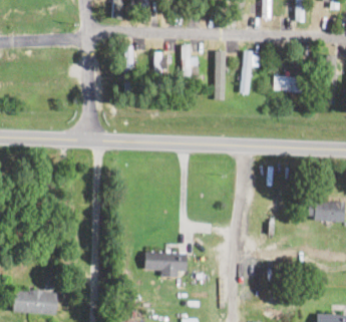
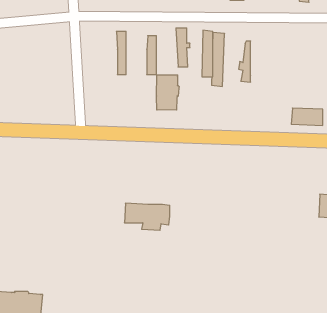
building: [273,75,302,91] -> [291,108,323,125]
building: none -> [157,75,179,110]
building: [144,252,187,277] -> [124,203,170,230]

